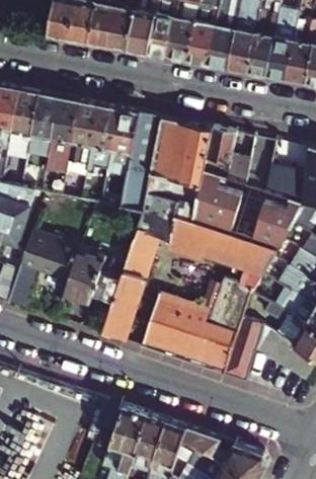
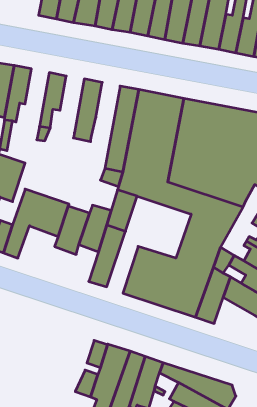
building: [27,95,59,158] -> none
building: [68,103,98,166] -> none
building: [106,110,139,173] -> none

